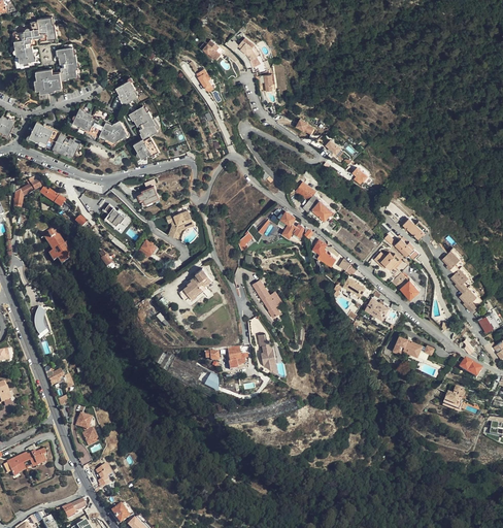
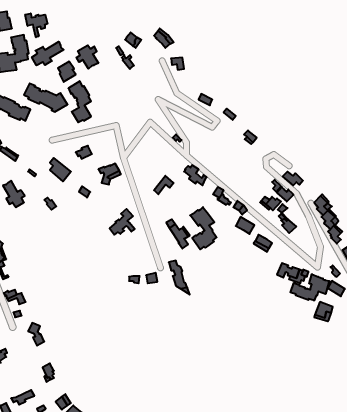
building: none -> [25,13,48,37]
building: none -> [32,42,64,65]
building: none -> [76,45,98,69]
building: [295,182,332,224] -> none
building: none -> [190,207,217,249]
building: none -> [290,274,329,301]

